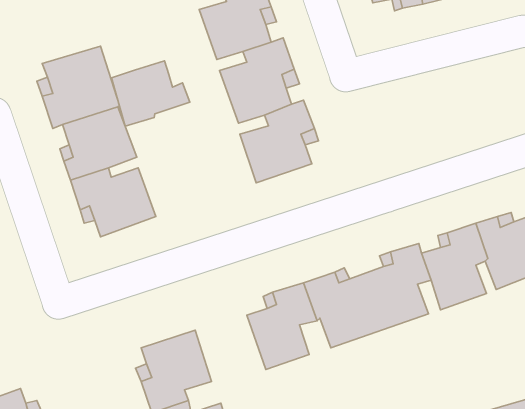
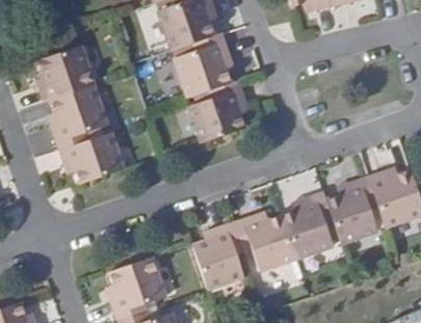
building: [111,61,190,126] -> none

